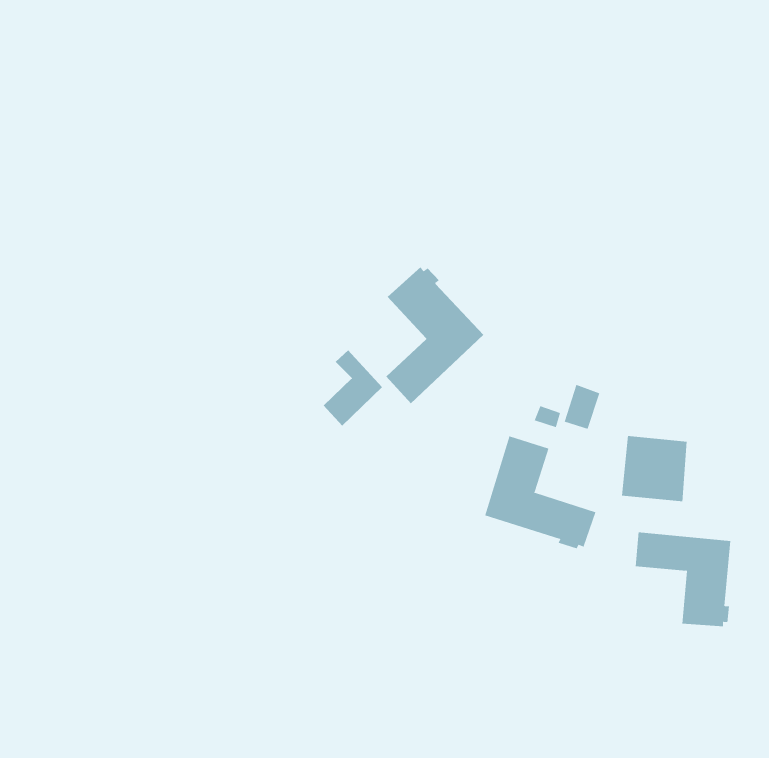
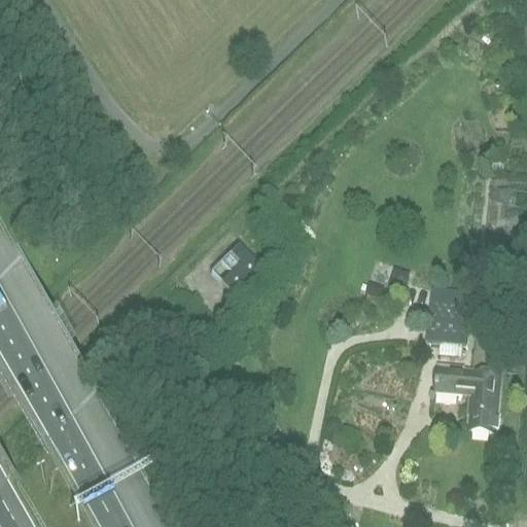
building: [385,267,484,404] -> none
building: [485,436,596,549] -> none

